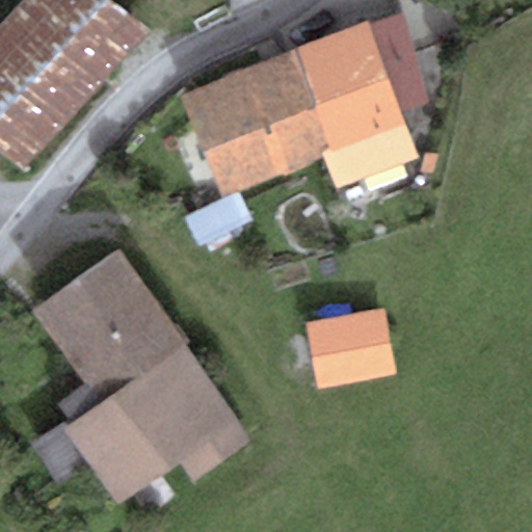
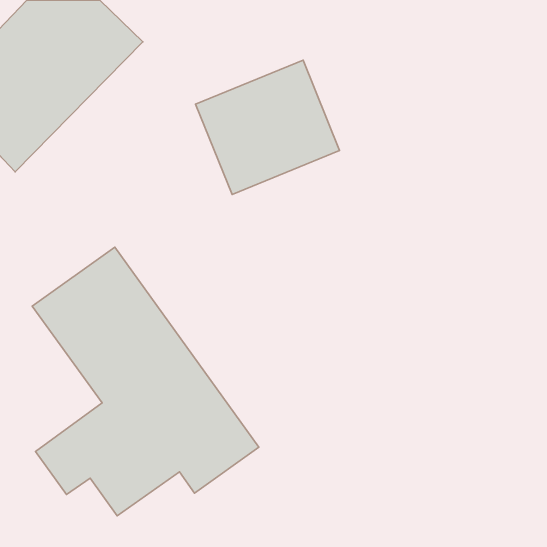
building: [293,19,430,188] -> none
building: [304,308,395,392] -> none

